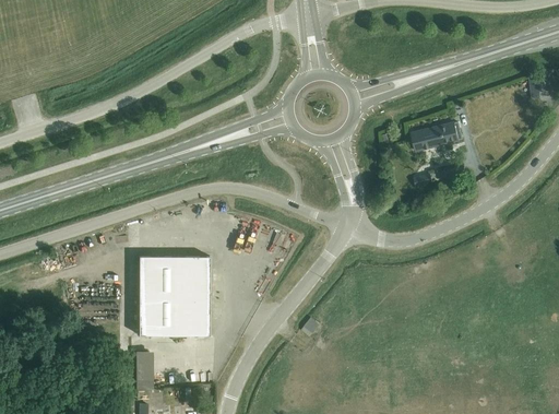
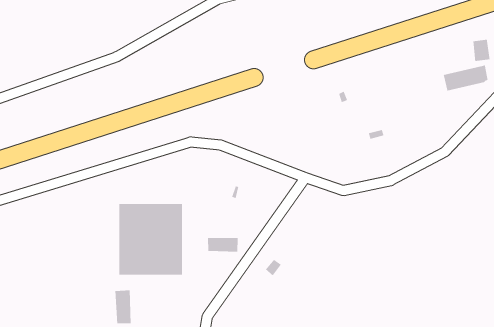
building: [412,121,462,151] -> [443,65,488,91]
building: none -> [207,237,239,253]

